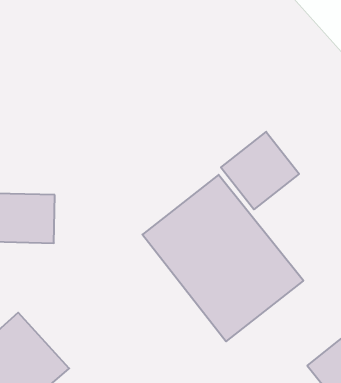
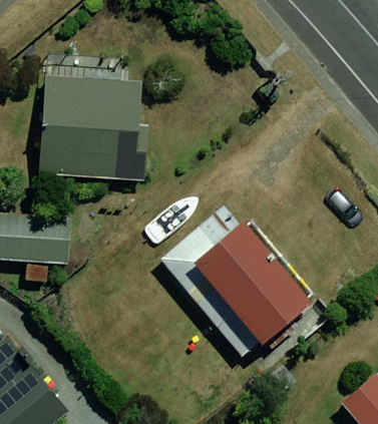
building: none -> [35,79,137,175]
building: [221,132,299,209] -> none

